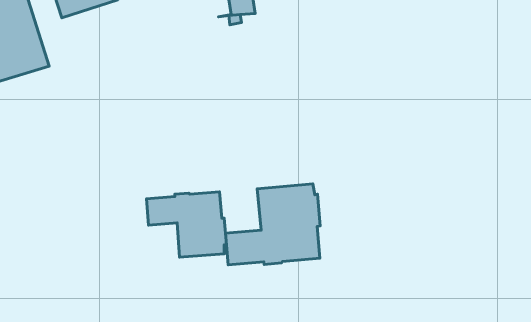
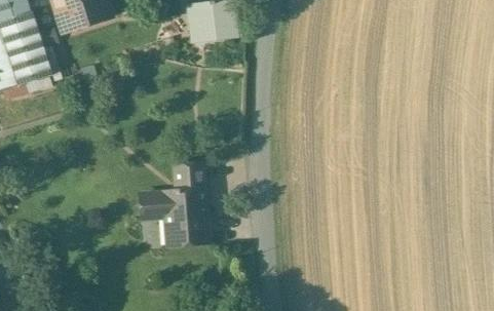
building: none -> [174,161,202,189]
building: [226,184,320,265] -> none

